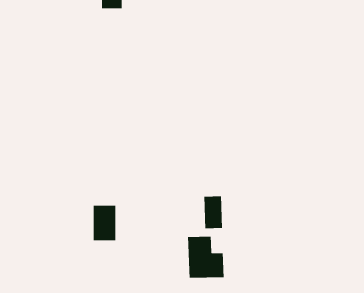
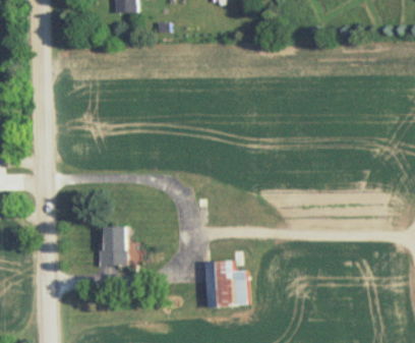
building: [203,196,223,229] -> none

